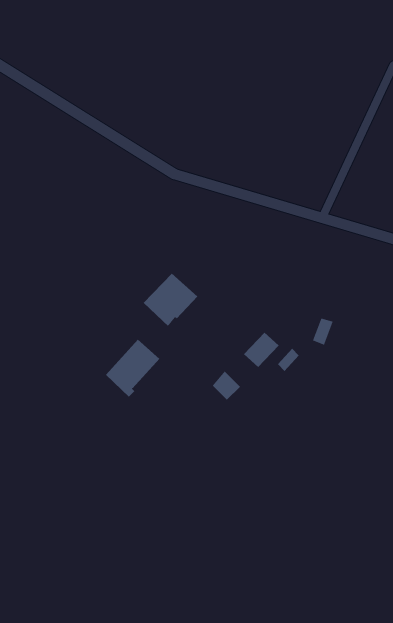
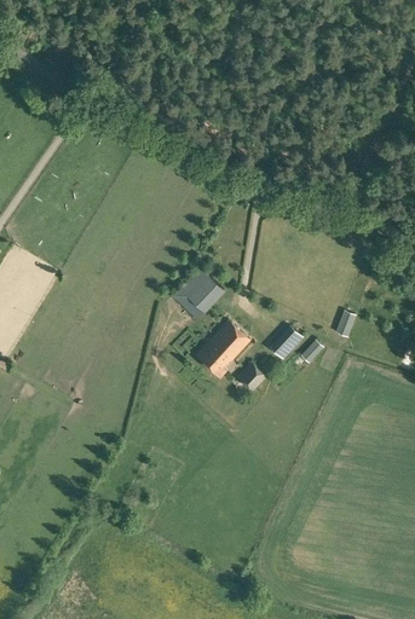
building: [105,339,160,397] -> [197,320,250,377]

